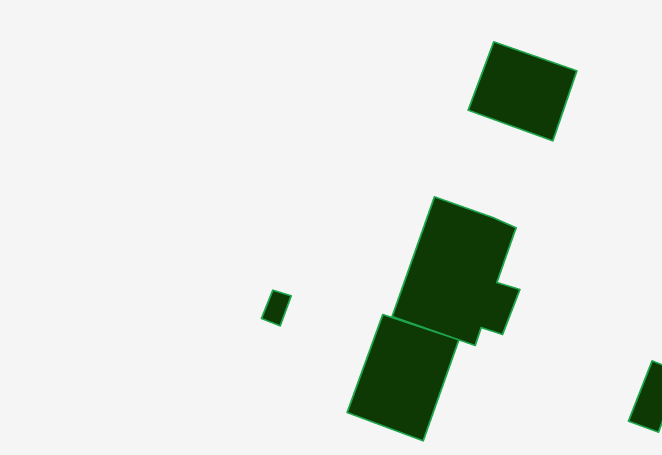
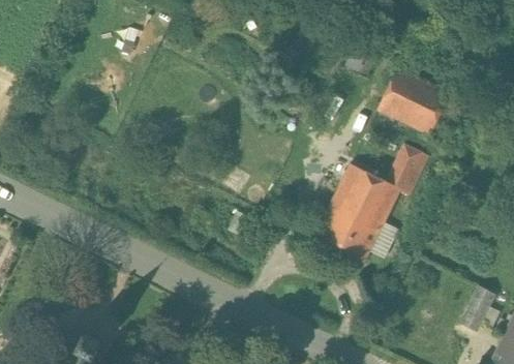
building: none -> [387,143,429,194]
building: [347,315,459,441] -> none

